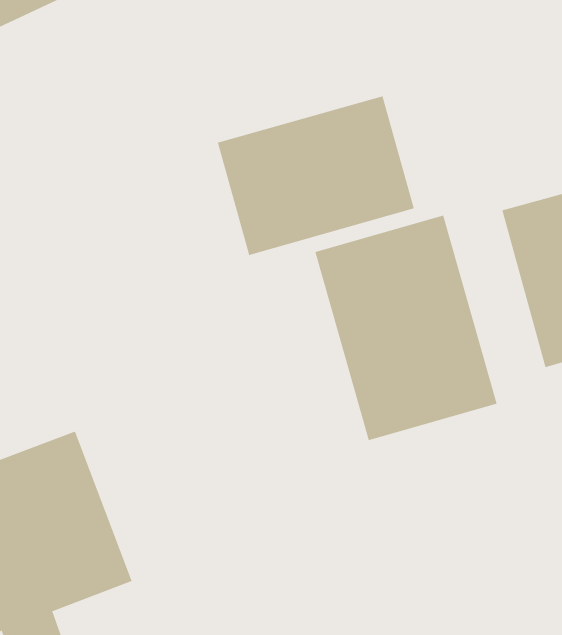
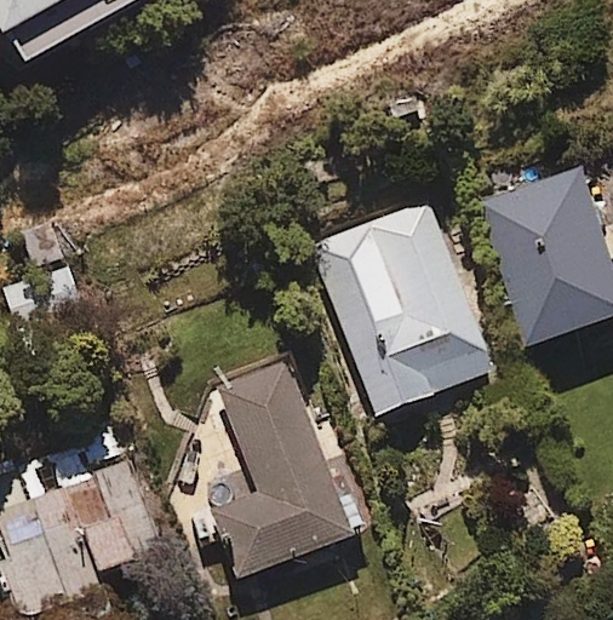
building: [217,95,415,256] -> none
building: none -> [202,364,360,581]

